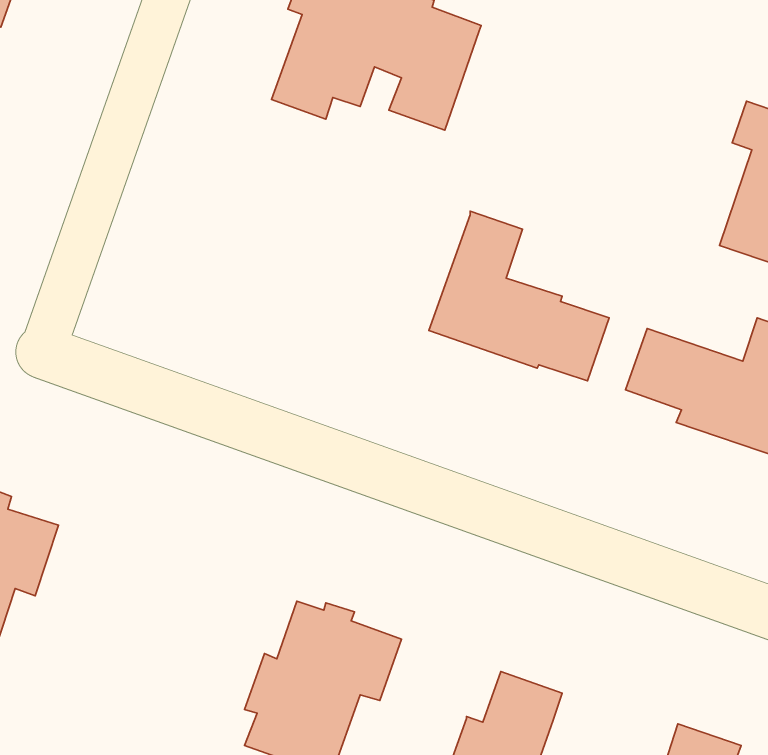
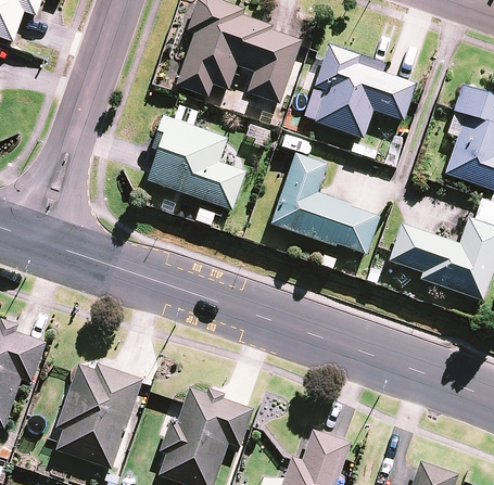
building: none -> [314,46,415,139]
building: none -> [145,116,245,210]
building: none -> [55,362,143,470]

